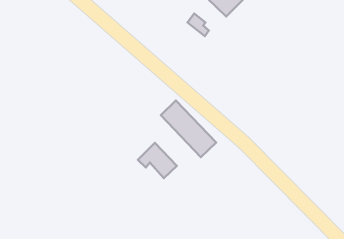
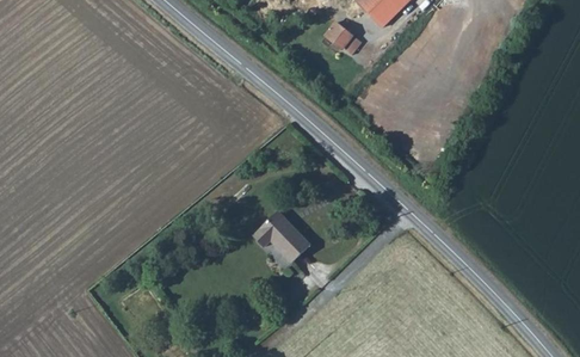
building: [161,101,216,157] -> none

